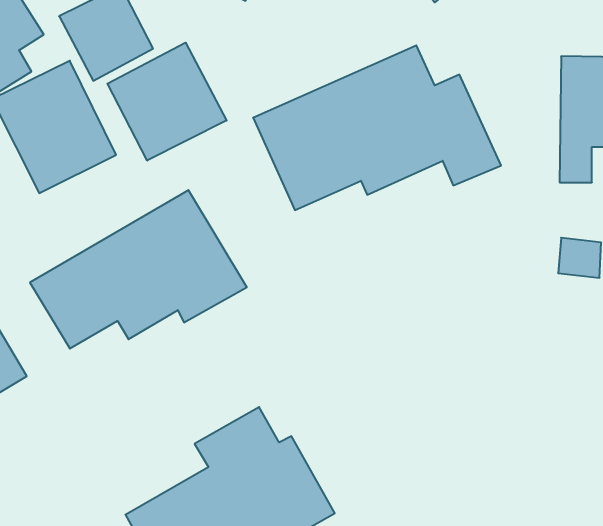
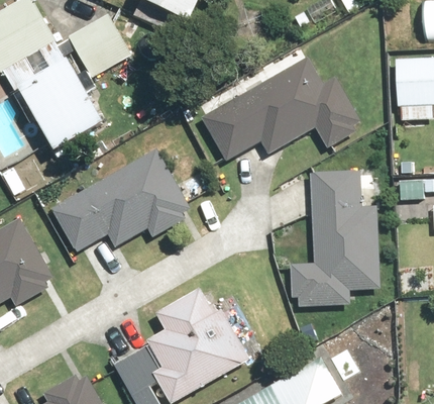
building: [107,43,227,161] -> none
building: none -> [292,173,377,308]

